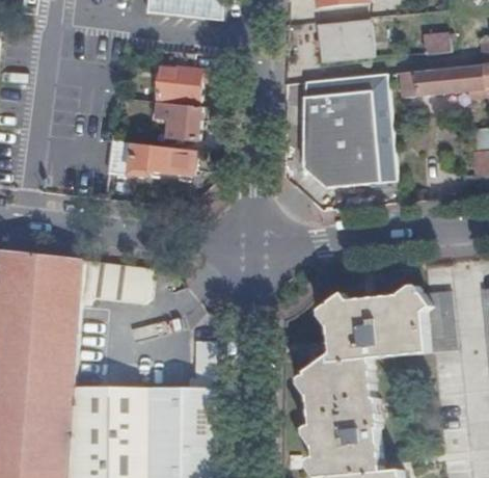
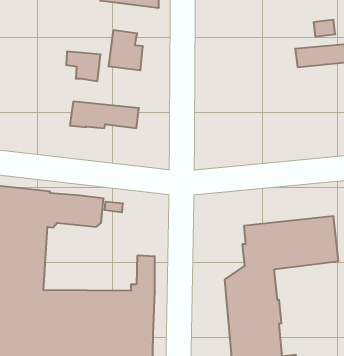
building: [319,22,373,61] -> none
building: [303,74,396,187] -> none
building: [156,101,200,139] -> [66,51,101,81]

